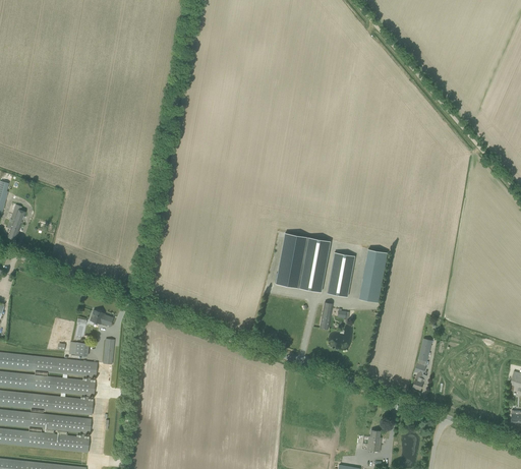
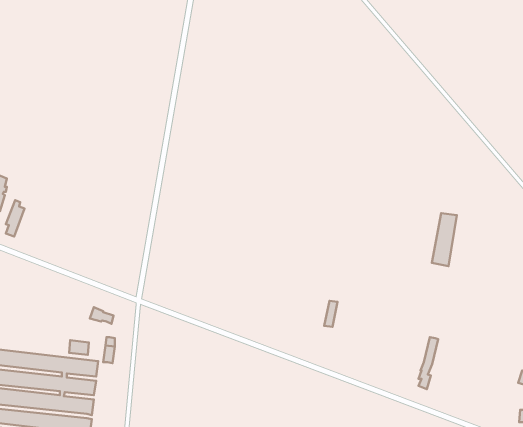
building: [276,233,330,292] -> none
building: [362,250,387,302] -> [432,213,457,266]
building: [327,252,354,297] -> none

